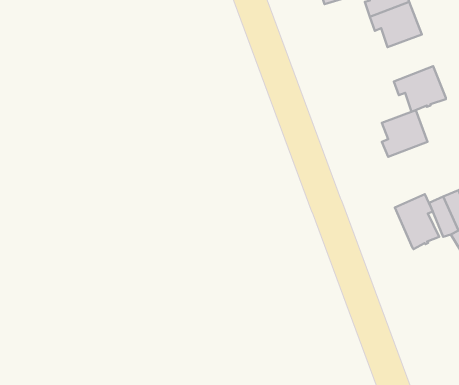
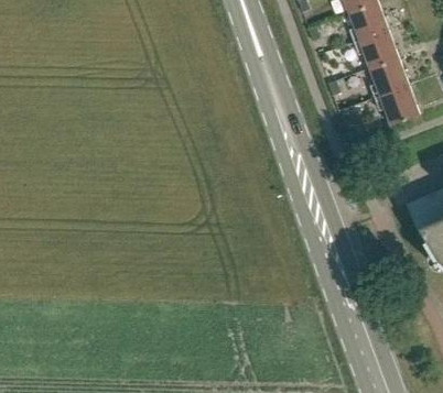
building: [382,110,427,157] -> [370,61,410,101]
building: [395,194,439,249] -> none

